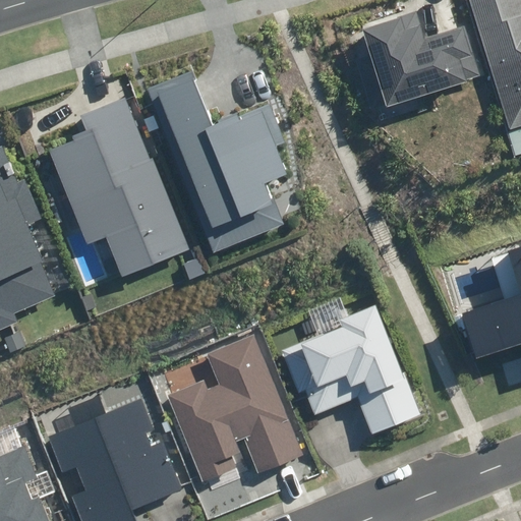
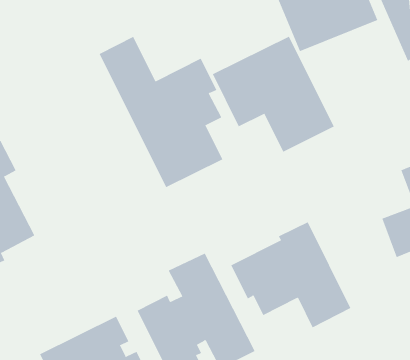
building: [52,85,197,284] -> none
building: none -> [212,36,335,152]

